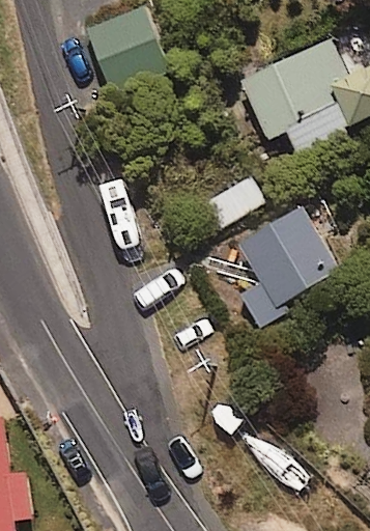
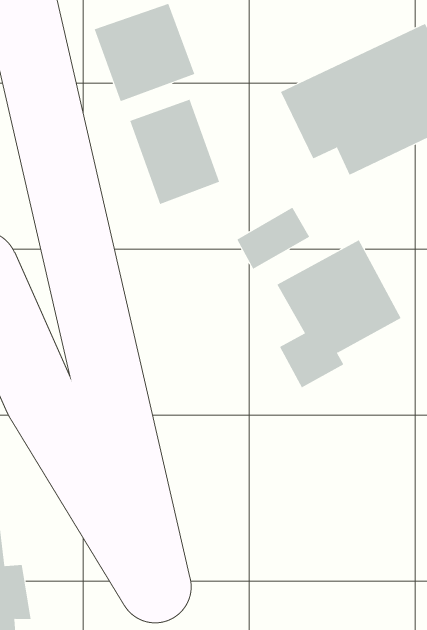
building: none -> [129,99,220,205]

